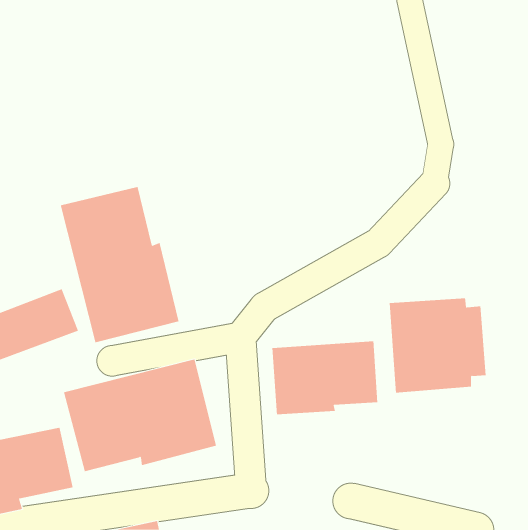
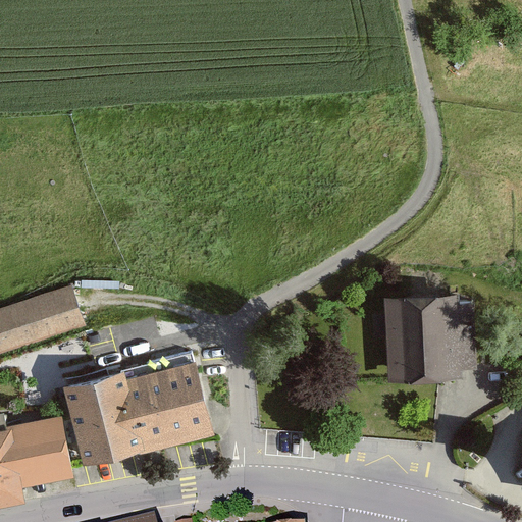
building: [60,186,179,343] -> none
building: [272,341,378,415] -> none

